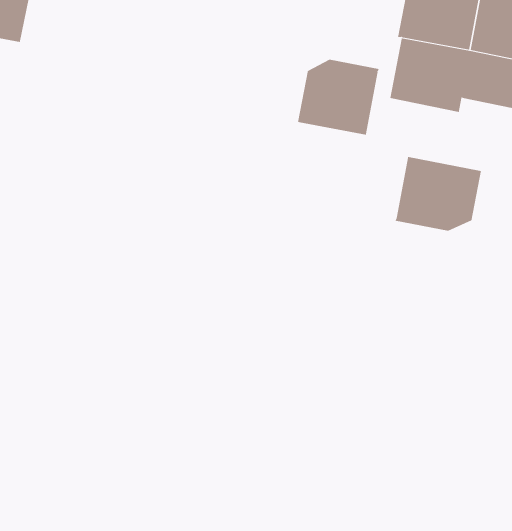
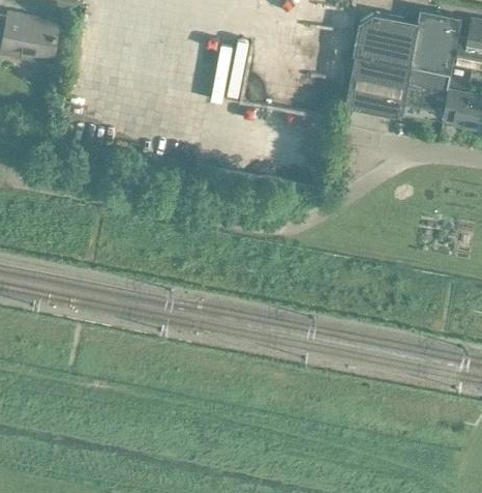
building: [297,59,380,136] -> none
building: [395,156,481,232] -> none

